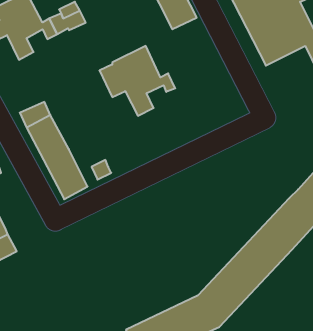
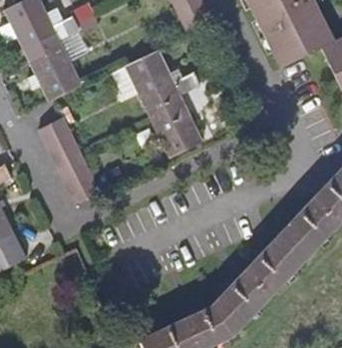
building: none -> [30,31,83,102]
building: none -> [151,88,205,158]

